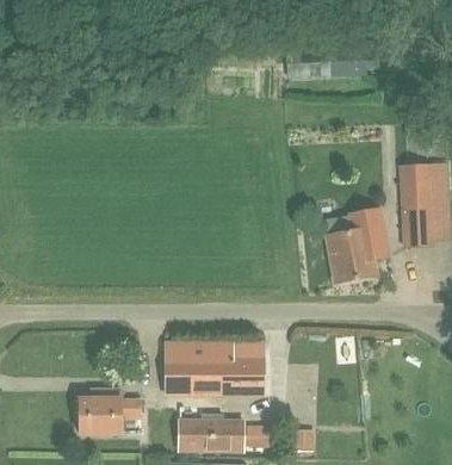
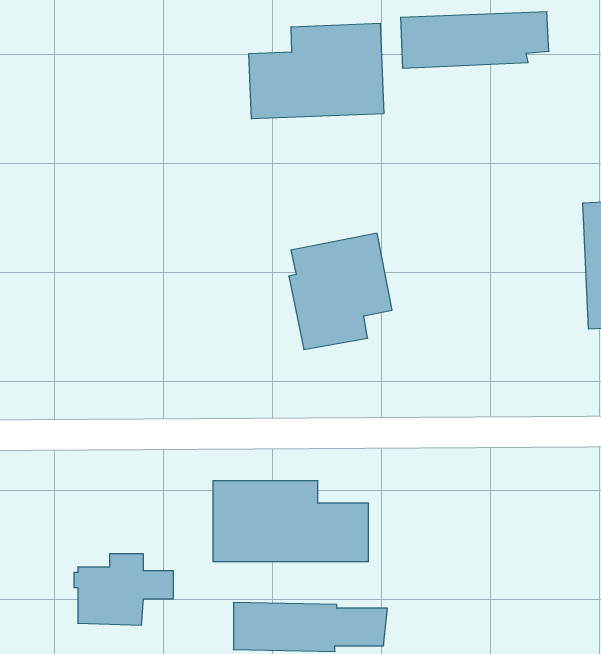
building: none -> [249,23,384,119]
building: [327,207,392,281] -> [289,233,392,349]

